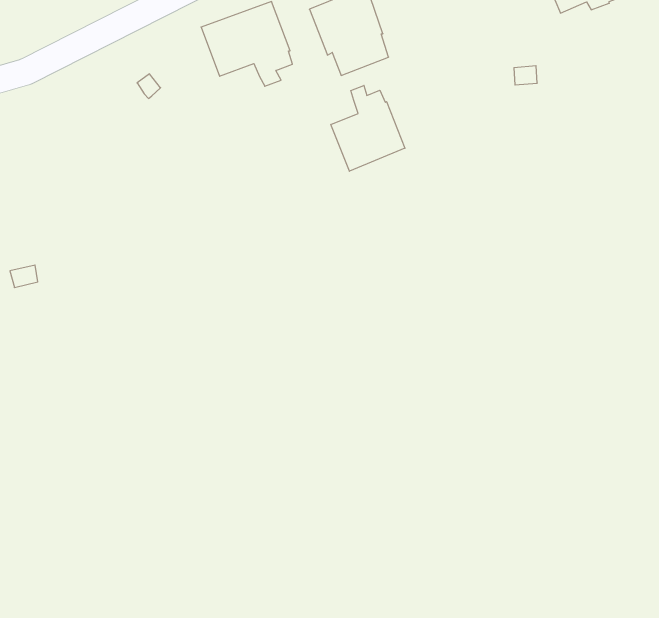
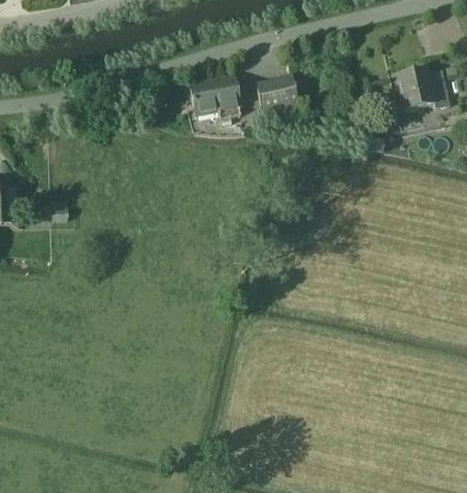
building: [331,85,405,171] -> none

